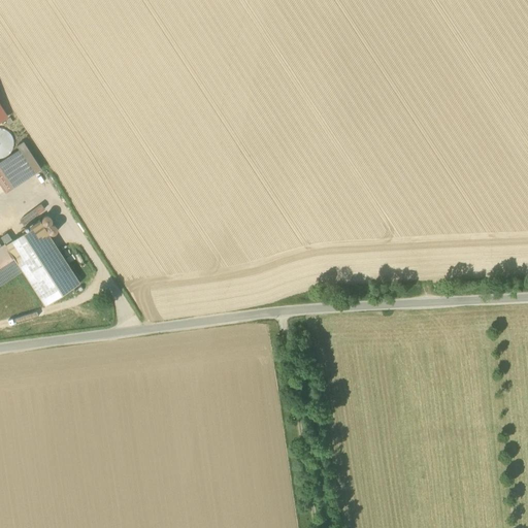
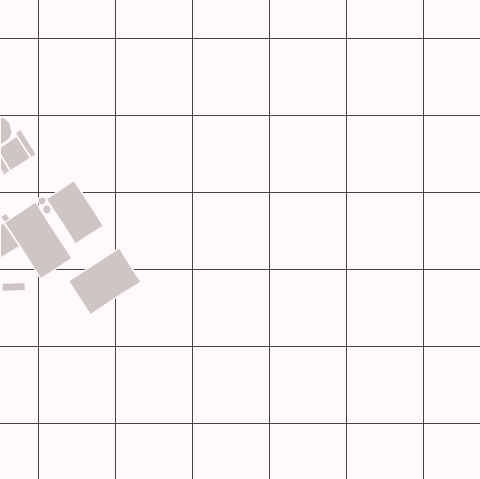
building: none -> [46,181,104,244]
building: none -> [68,248,141,315]

